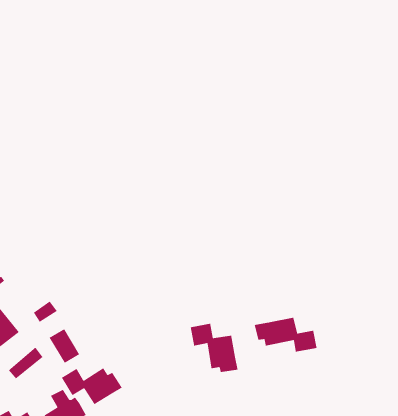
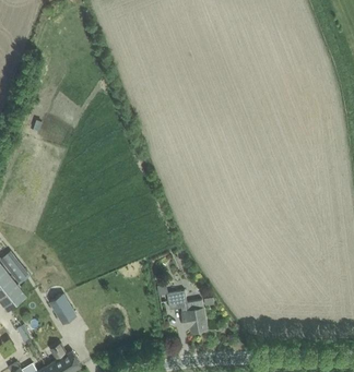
building: [254,317,317,353] -> none
building: [61,367,123,405] -> none

